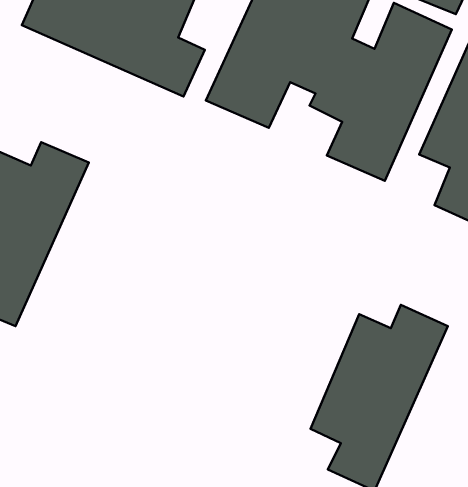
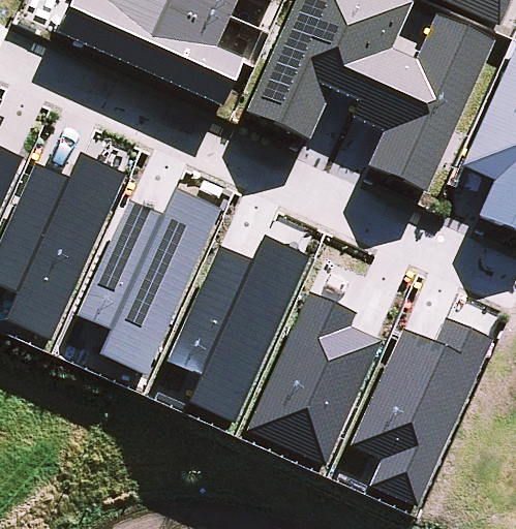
building: none -> [80,187,222,375]
building: none -> [166,235,311,426]
building: none -> [247,287,384,467]

